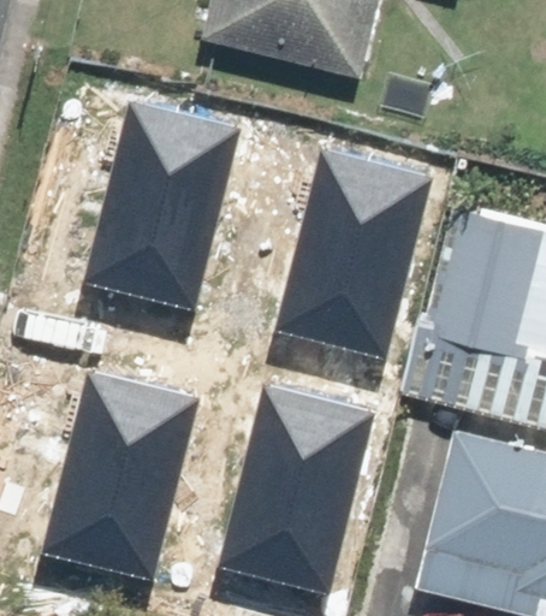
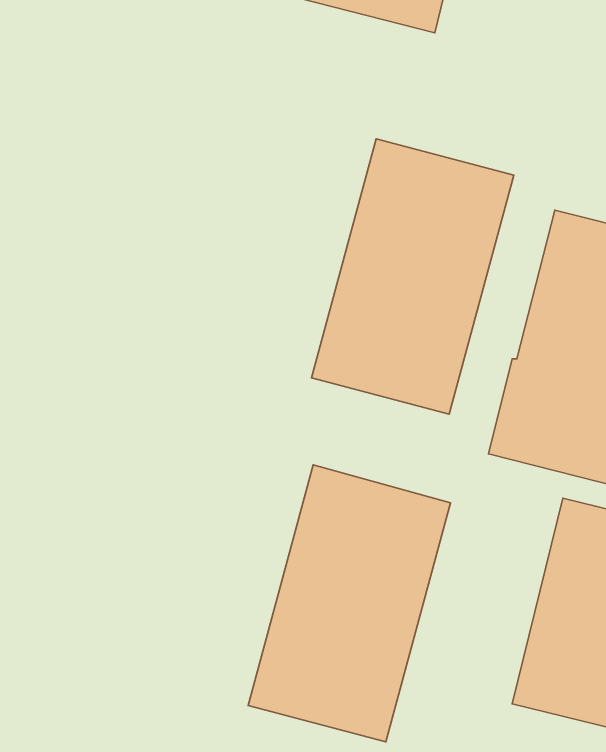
building: [85,107,239,316] -> none
building: [41,372,195,582] -> none

